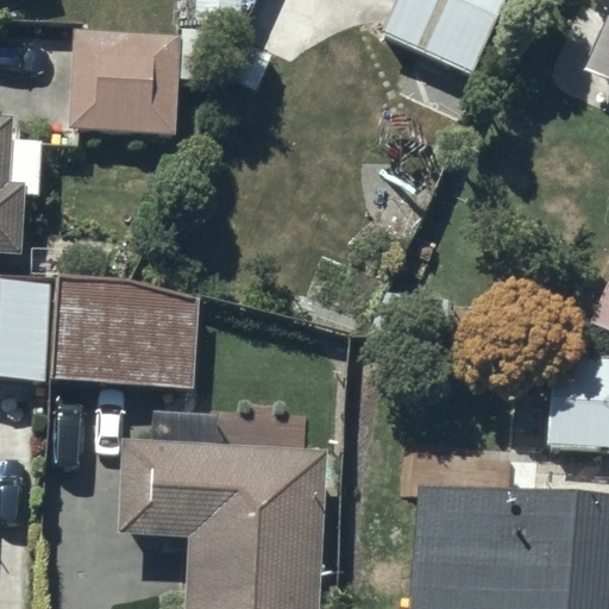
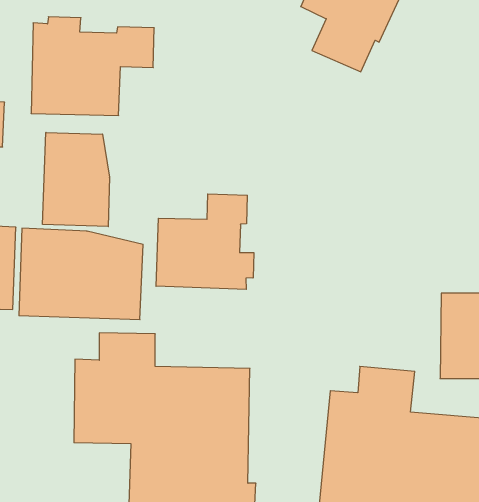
building: none -> [43,132,109,227]
building: none -> [156,194,254,289]

